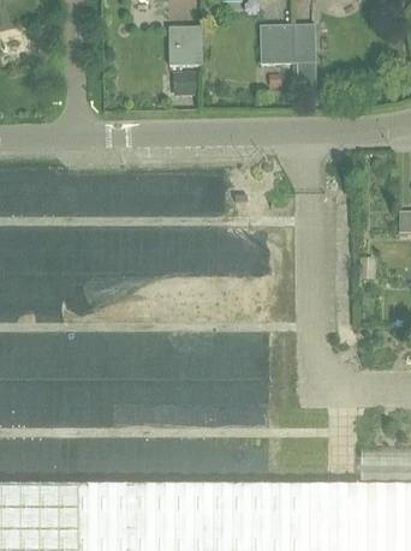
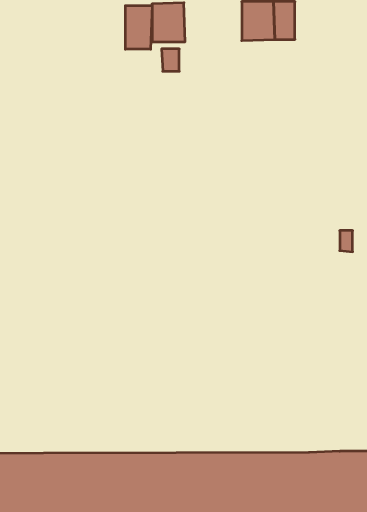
building: none -> [125,6,152,49]

